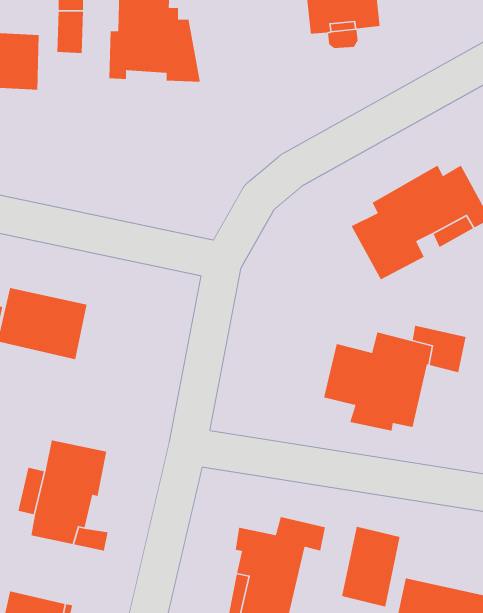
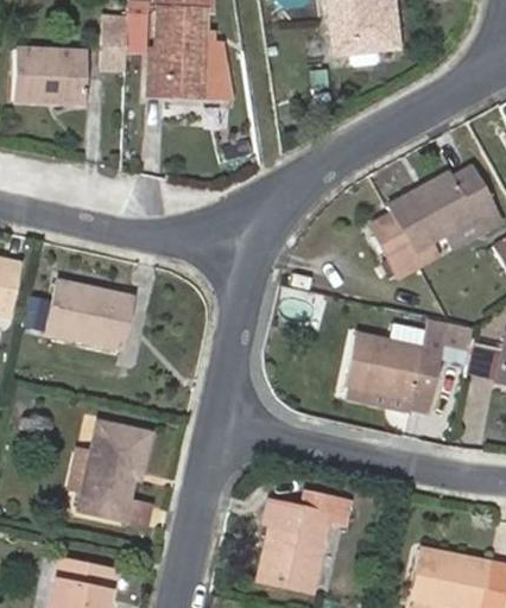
building: [341,526,401,607] -> none

